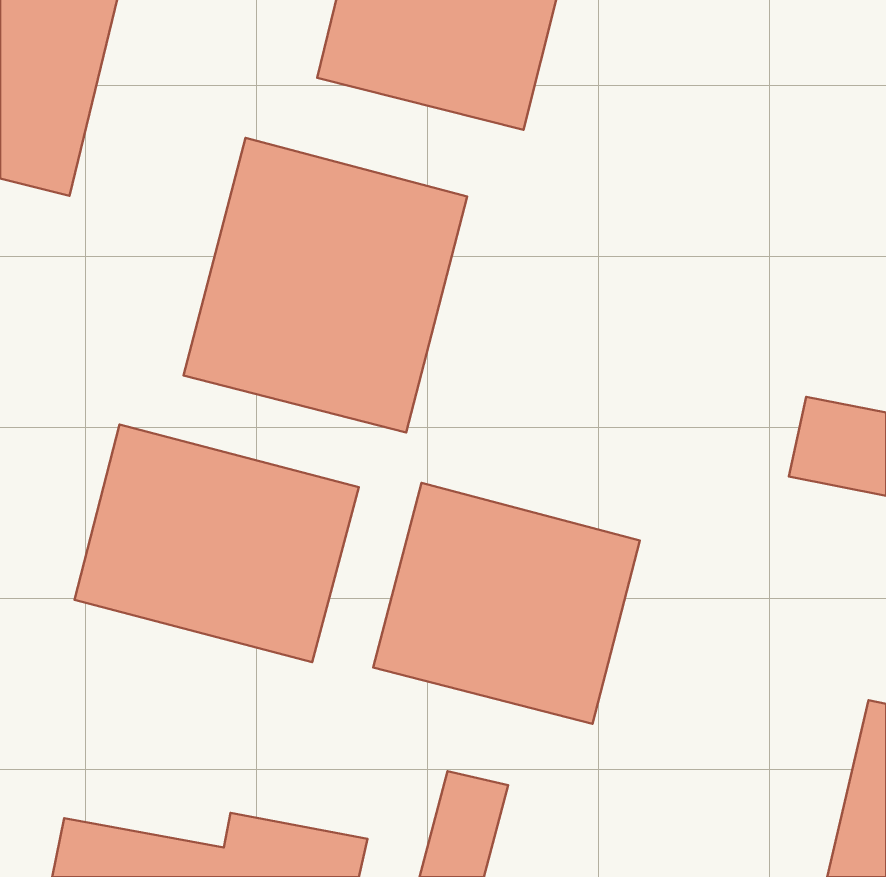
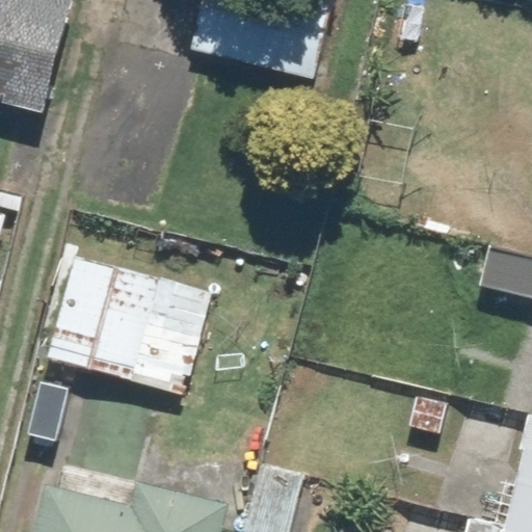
building: [183,138,467,433] -> none
building: [373,483,640,724] -> none

